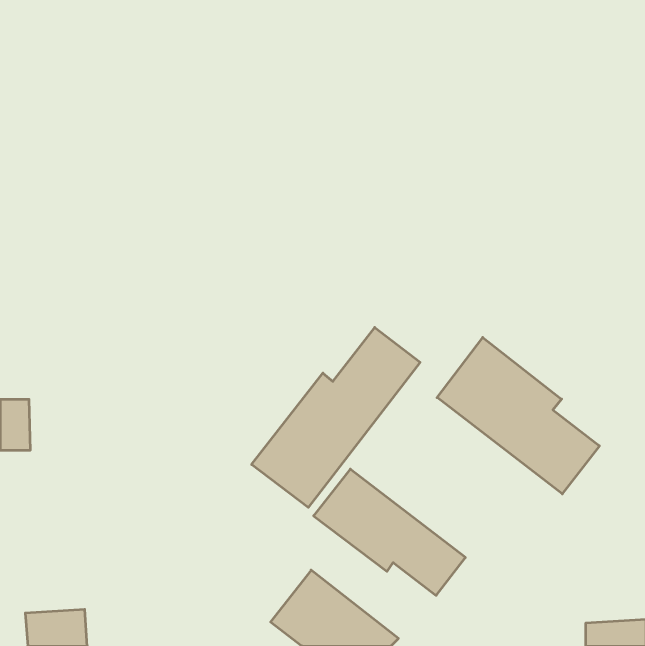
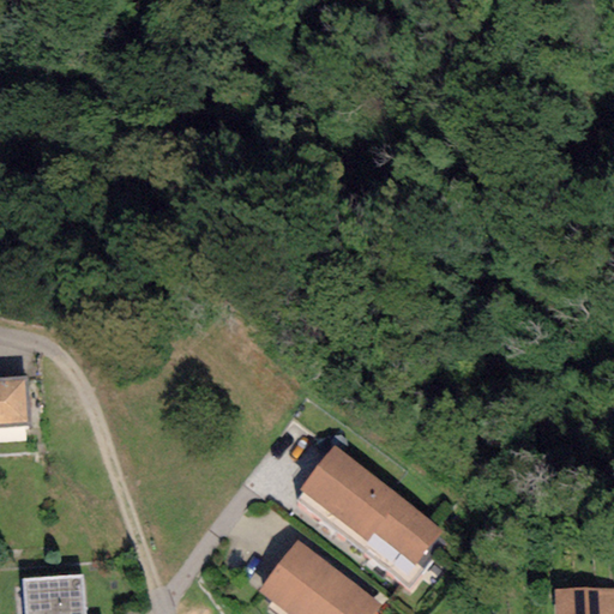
building: [252,327,420,507] -> none
building: [437,337,599,494] -> none

